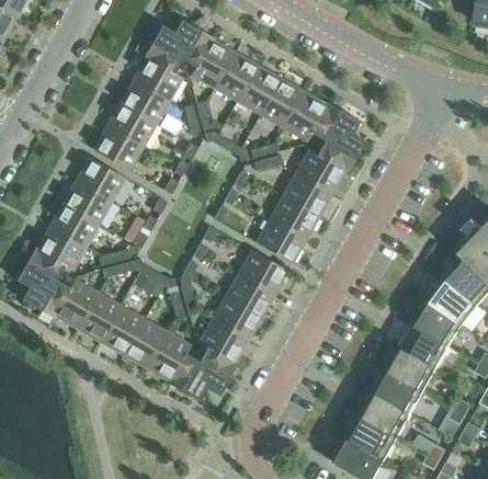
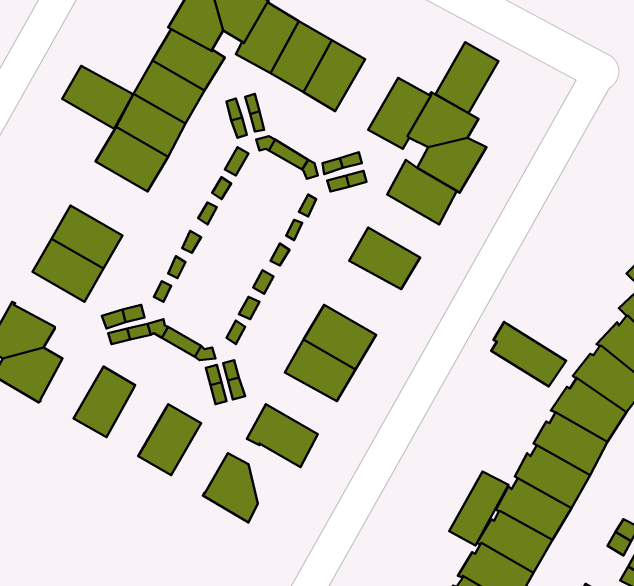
building: [260,78,304,127] -> [435,42,498,113]
building: [76,157,125,201] -> [62,66,133,129]
building: [283,172,332,216] -> none
building: [256,218,306,262] -> none
building: [36,226,86,270] -> none
building: none -> [491,322,566,386]
building: [55,278,99,328] -> none
building: [212,296,261,339] -> none
building: [101,305,144,354] -> none
building: [146,331,191,380] -> none
building: [200,345,238,395] -> none
building: none -> [449,472,508,545]

